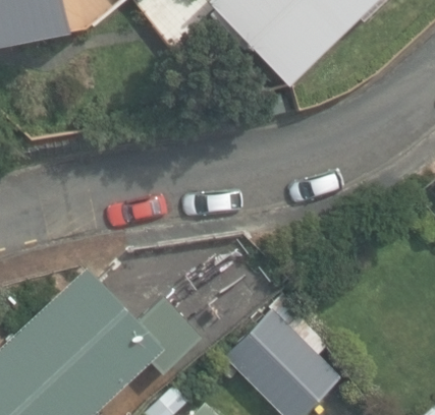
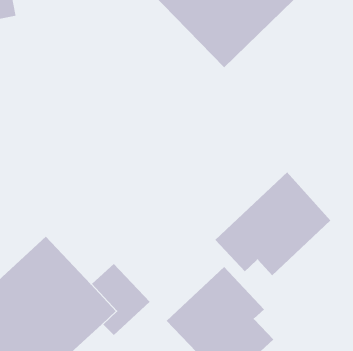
building: none -> [214,172,331,276]

